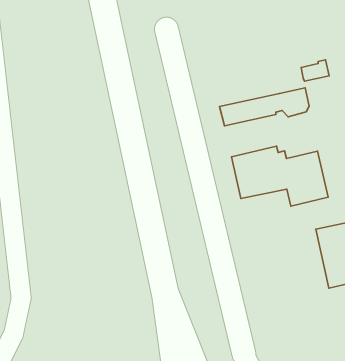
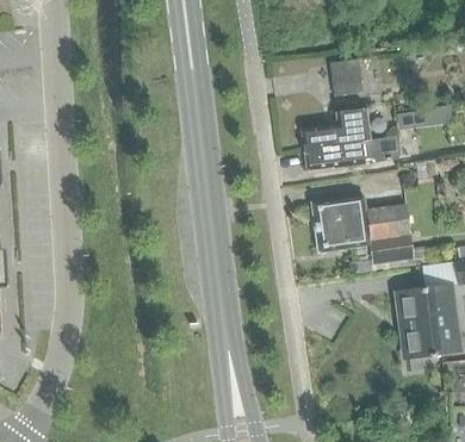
building: none -> [328,56,362,94]
building: none -> [300,107,370,147]

